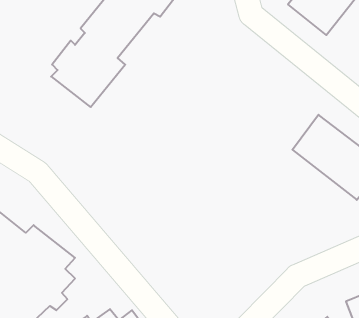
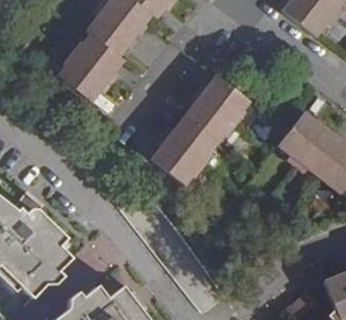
building: none -> [151,75,249,183]

